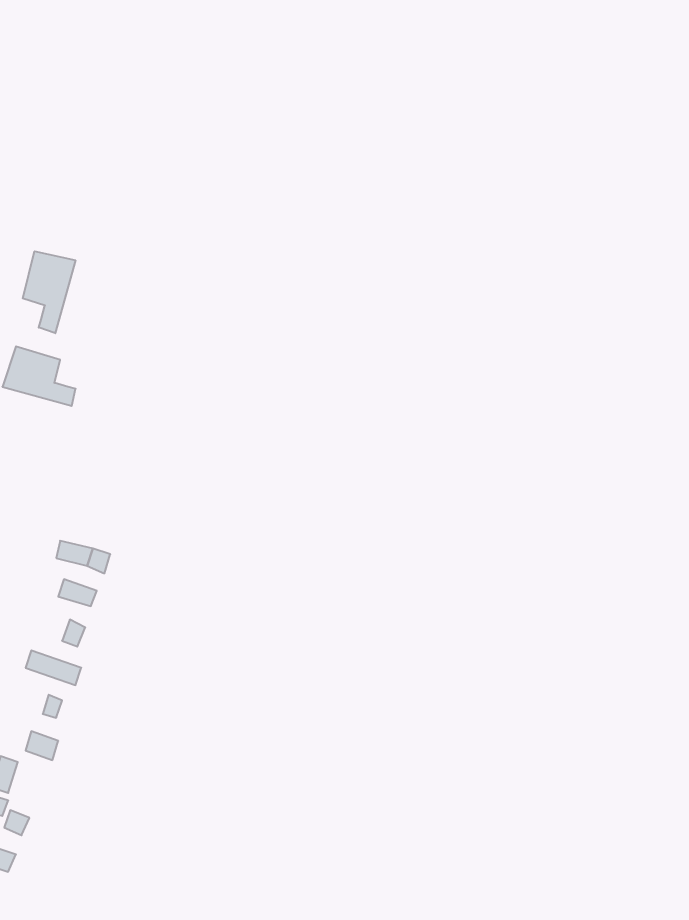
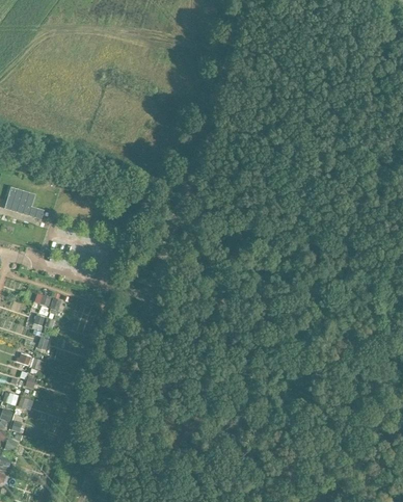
building: [23,251,75,333] -> none

